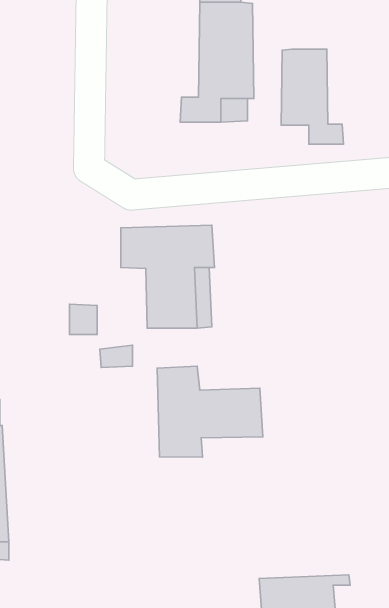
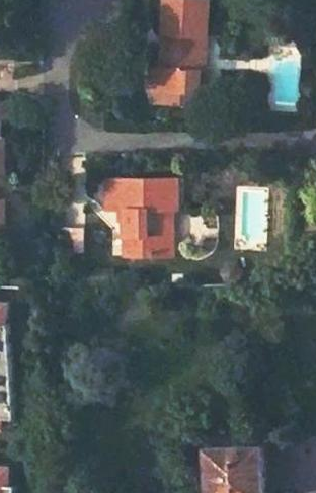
building: [281,49,343,144] -> none
building: [157,366,263,457] -> none

